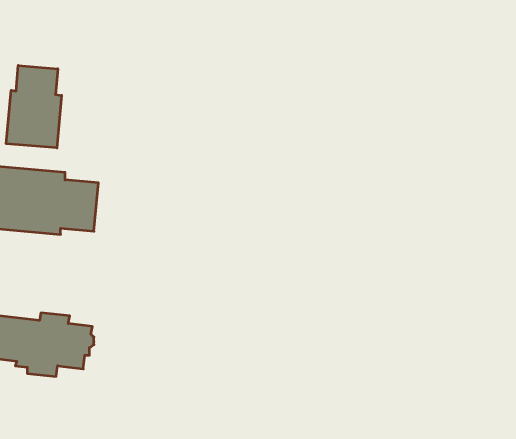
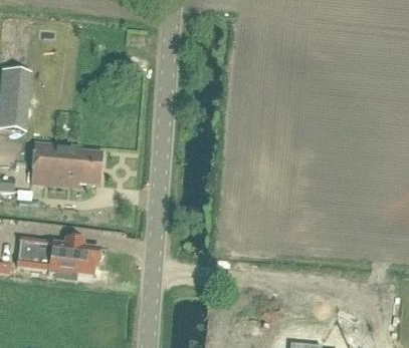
building: [6,65,62,148] -> none

